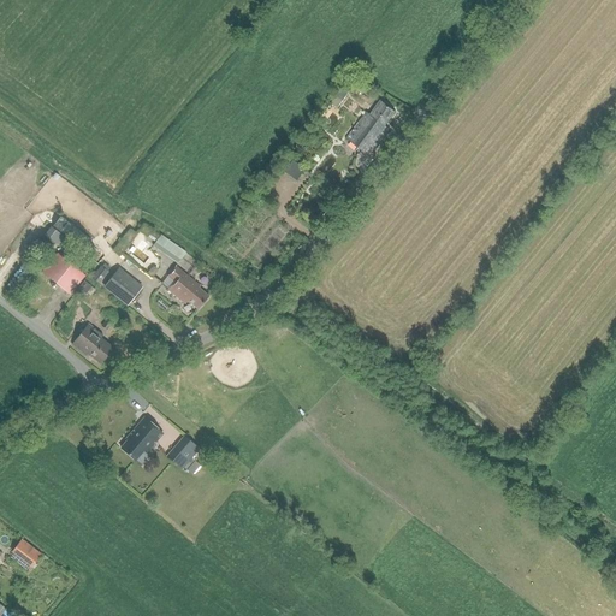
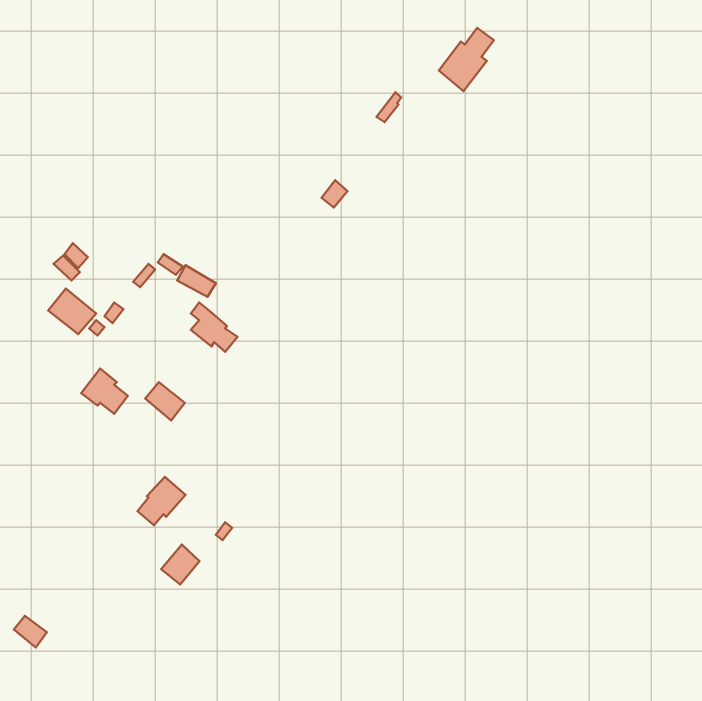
building: [346,100,395,155] -> [439,28,494,91]
building: [105,270,140,303] -> [145,382,185,421]
building: [165,434,199,469] -> [161,545,200,584]

